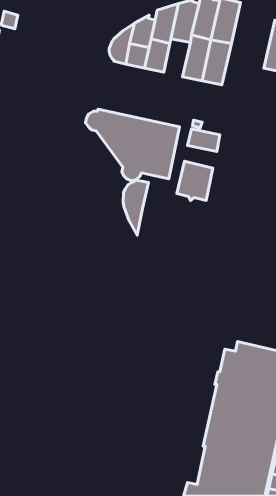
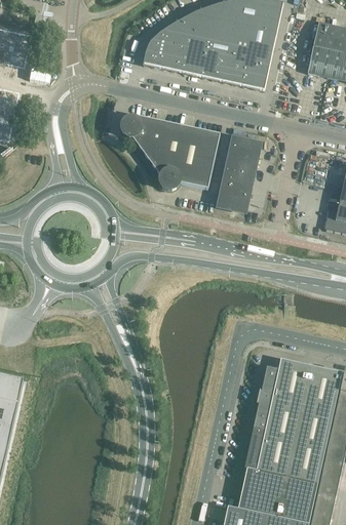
building: none -> [203,41,231,81]
building: none -> [225,153,259,176]
building: [123,180,149,235] -> none

